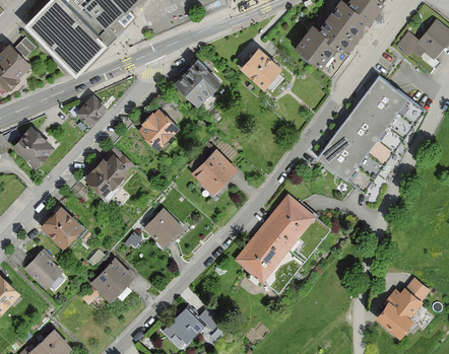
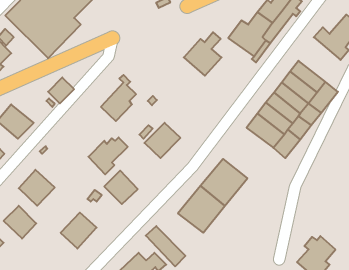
building: [175,62,220,109] -> none
building: [84,154,132,199] -> [88,137,128,174]
building: none -> [146,226,185,266]

